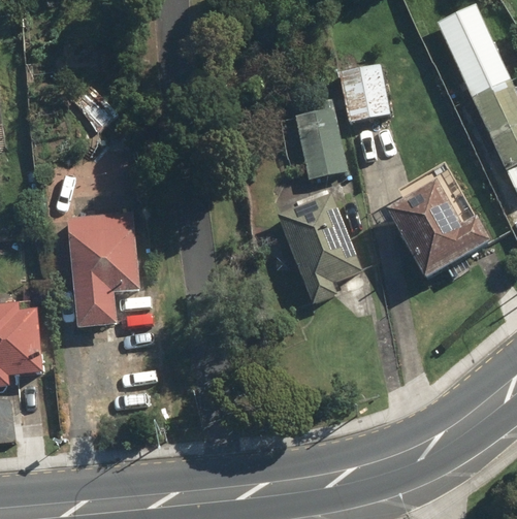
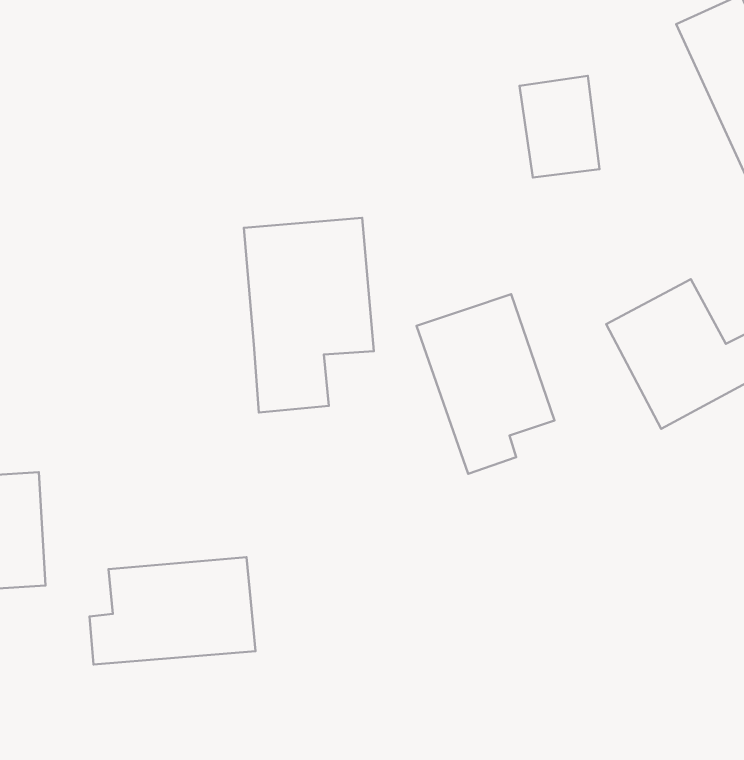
building: [291,103,347,180] -> none
building: [65,205,146,326] -> [244,218,374,413]
building: none -> [90,557,256,664]

